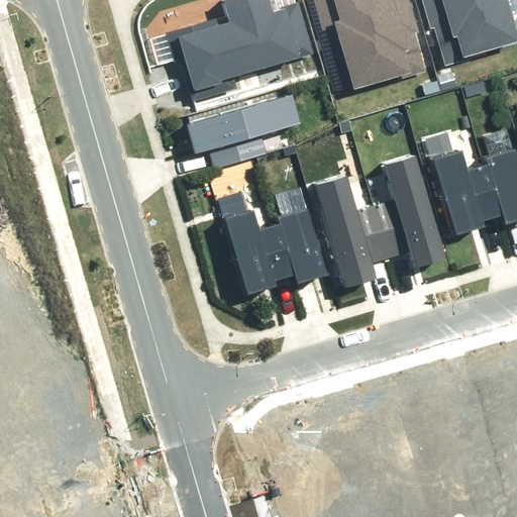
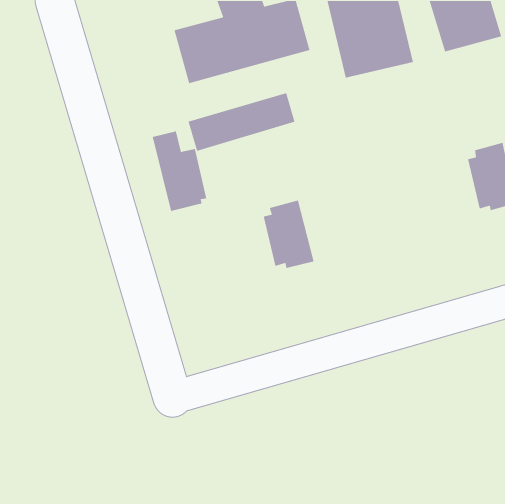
building: [433,146,490,229] -> none
building: [379,158,438,261] -> none
building: [315,175,394,282] -> none
building: [225,205,282,288] -> [152,130,207,212]

